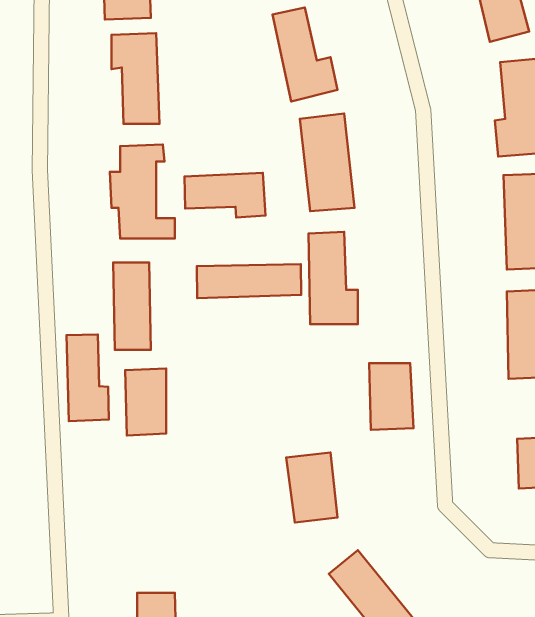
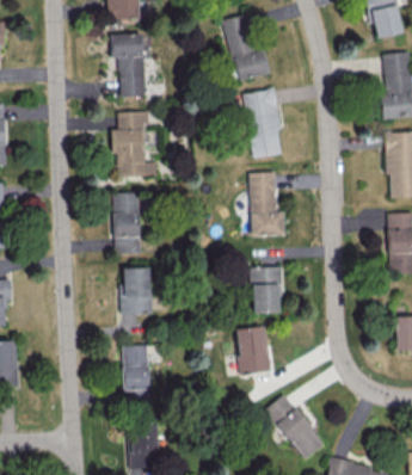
building: [184,173,266,217] -> none
building: [197,264,301,298] -> none
building: [66,335,109,421] -> none
building: [369,363,414,430] -> [251,267,282,314]
building: none -> [122,345,149,391]

